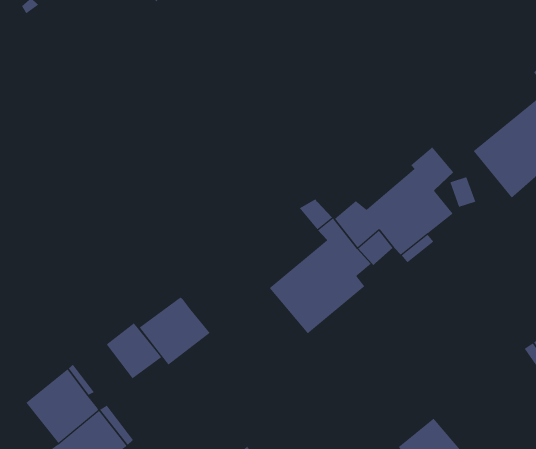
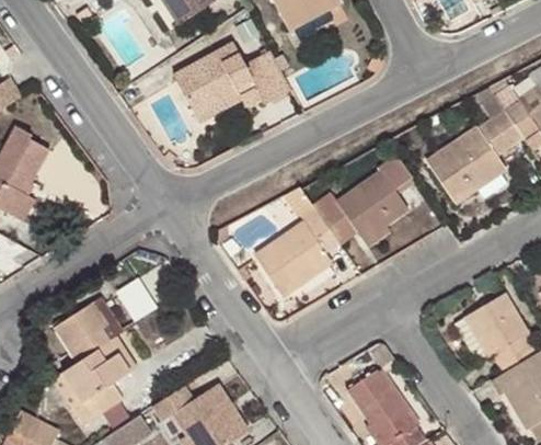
building: none -> [175,42,292,115]
building: [139,296,211,365] -> none

